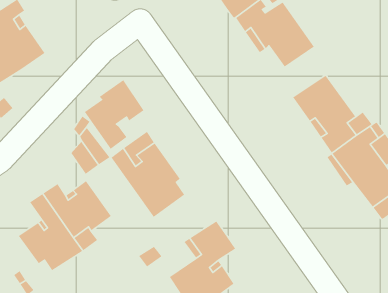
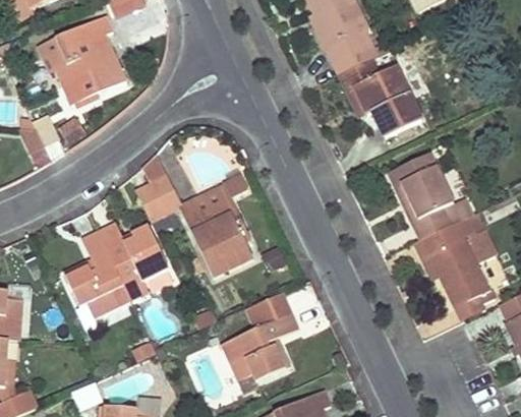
building: [84,79,145,150] -> none

